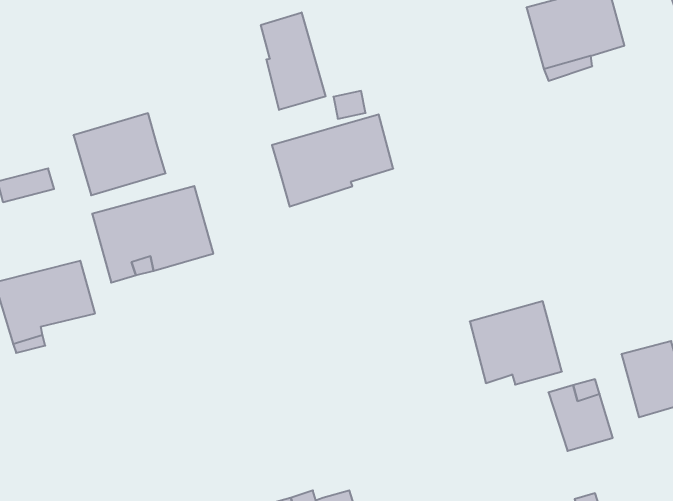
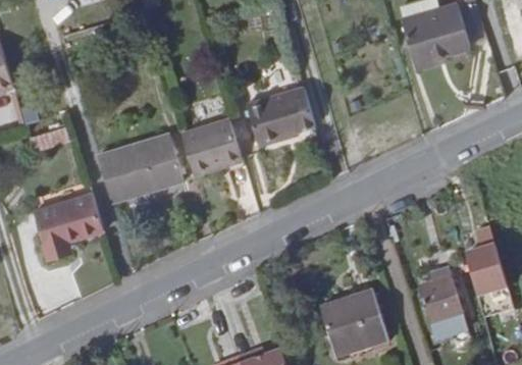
building: [261,12,326,110] -> none
building: [73,113,166,195] -> [179,133,244,190]
building: [470,301,562,385] -> [320,292,384,350]

